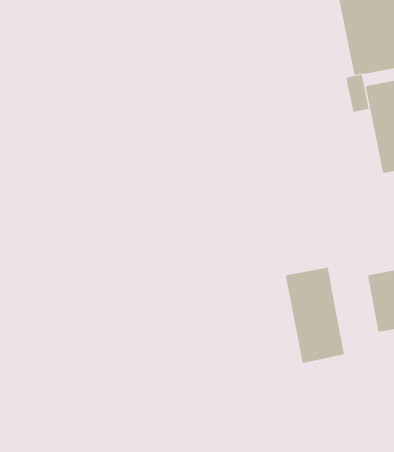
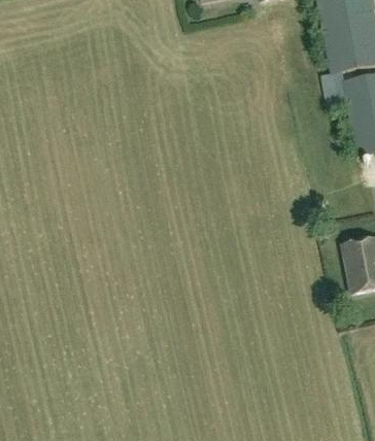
building: [285,267,344,364] -> none

